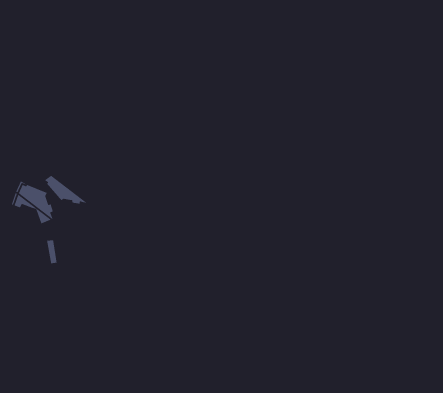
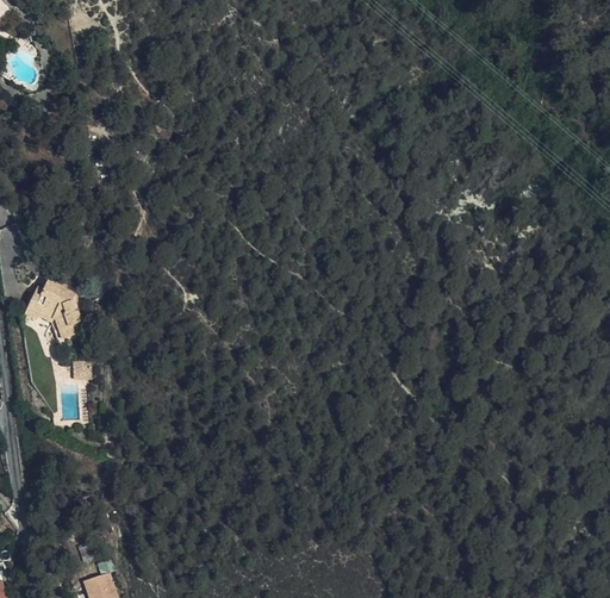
building: [44,175,88,205] -> none

